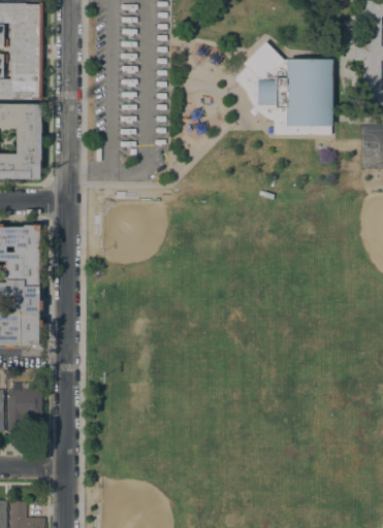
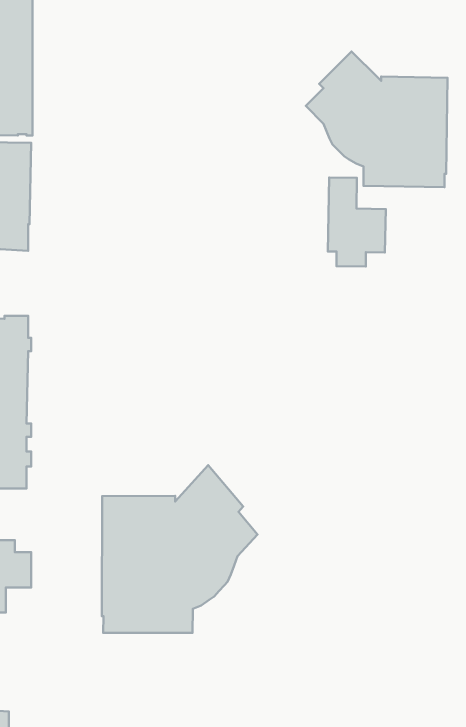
building: none -> [328,177,386,267]
building: none -> [102,465,257,633]

